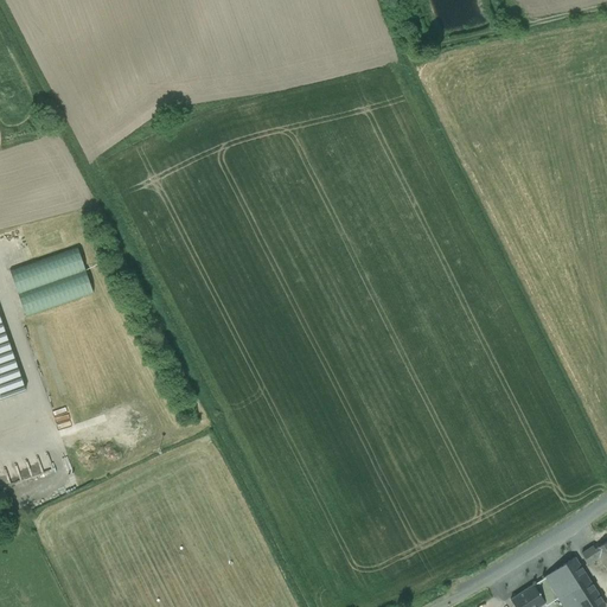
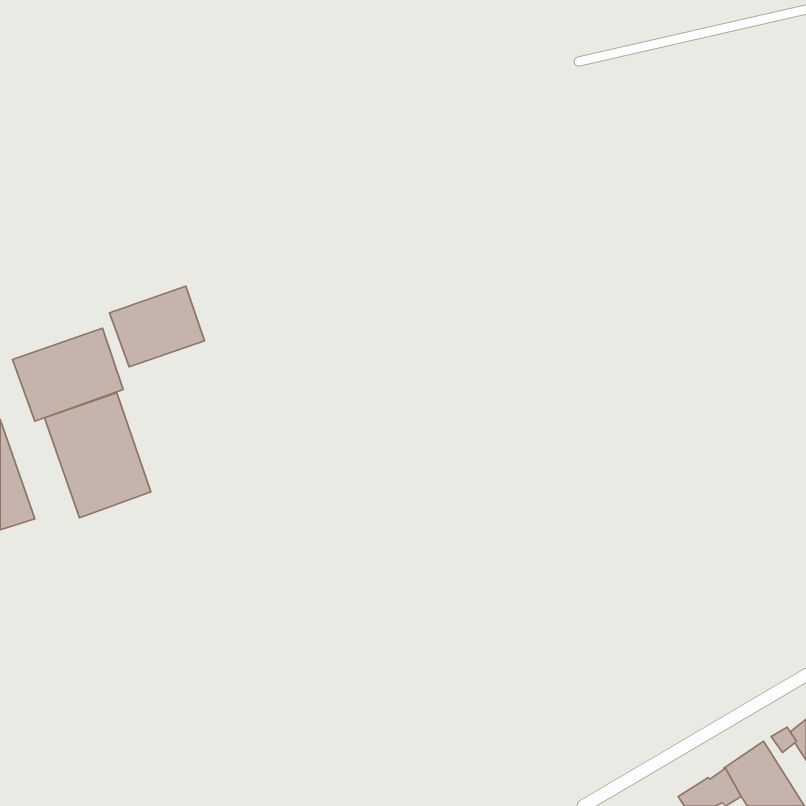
building: none -> [109,286,204,367]
building: none -> [44,393,151,518]

